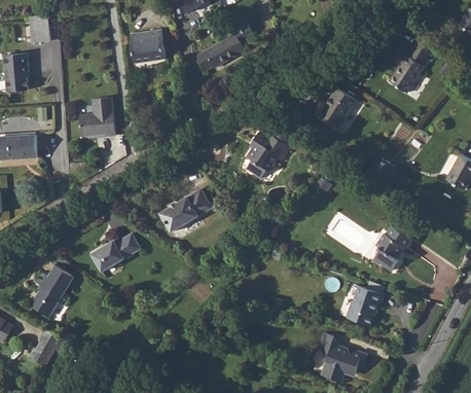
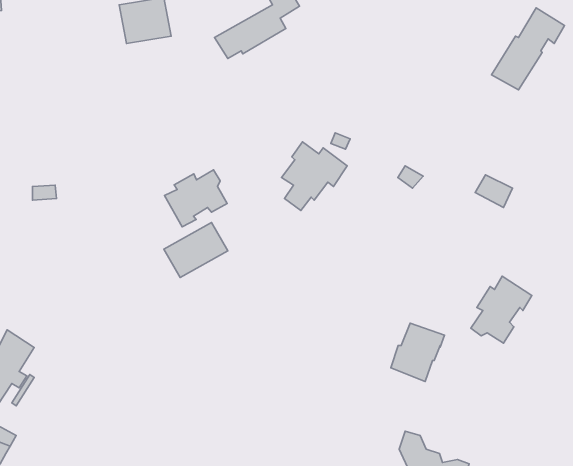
building: [320,88,356,130] -> none
building: [78,96,115,136] -> none
building: none -> [164,170,227,227]
building: [87,233,136,270] -> none
building: [351,286,388,326] -> [391,323,444,381]

